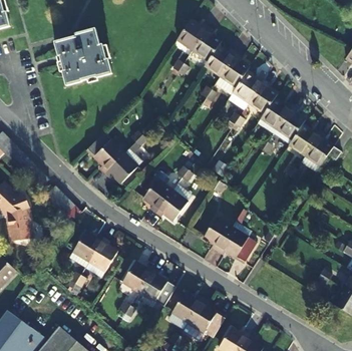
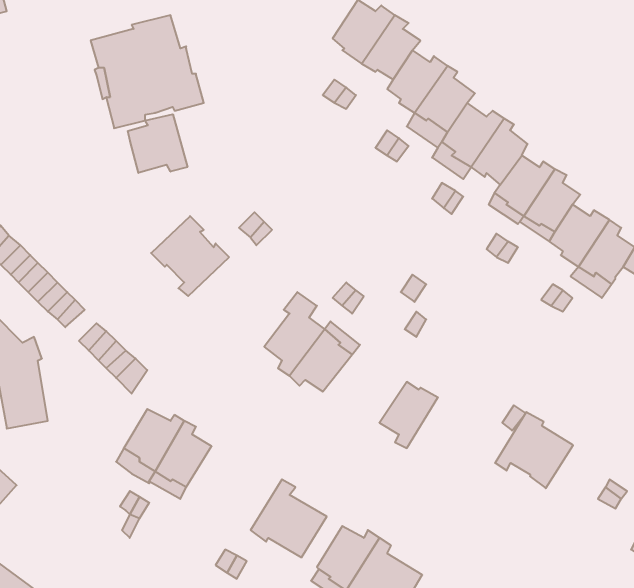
building: none -> [128,114,187,173]
building: [104,152,137,184] -> none
building: [217,225,257,264] -> [495,412,573,488]
building: [120,261,152,293] -> none

